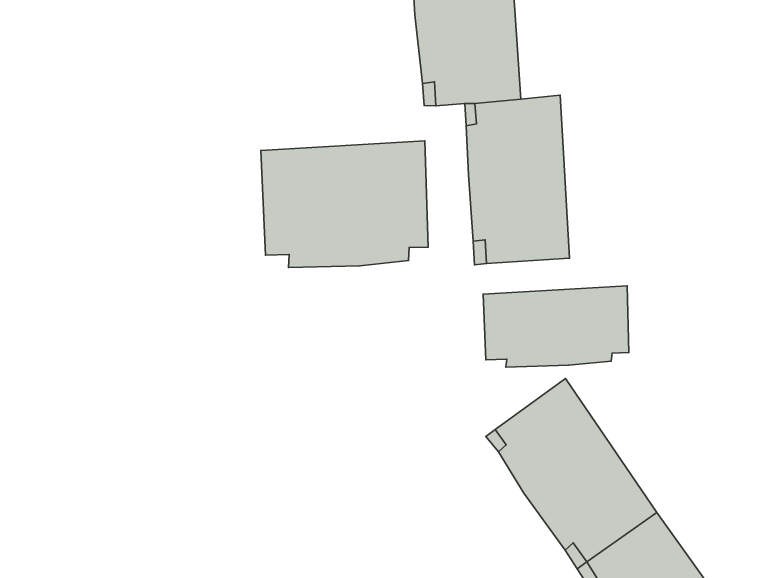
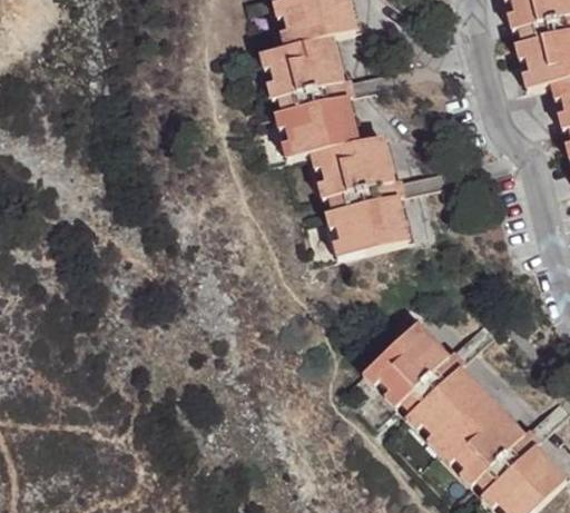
building: [261,141,428,267] -> none
building: [483,286,629,367] -> none

